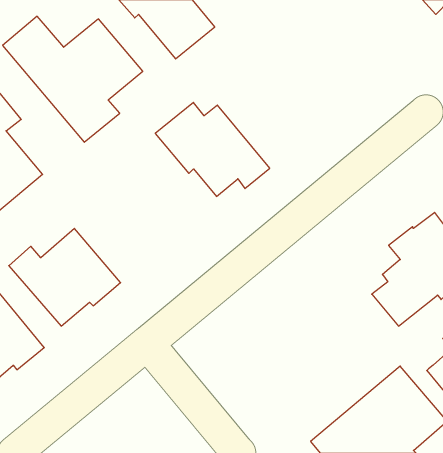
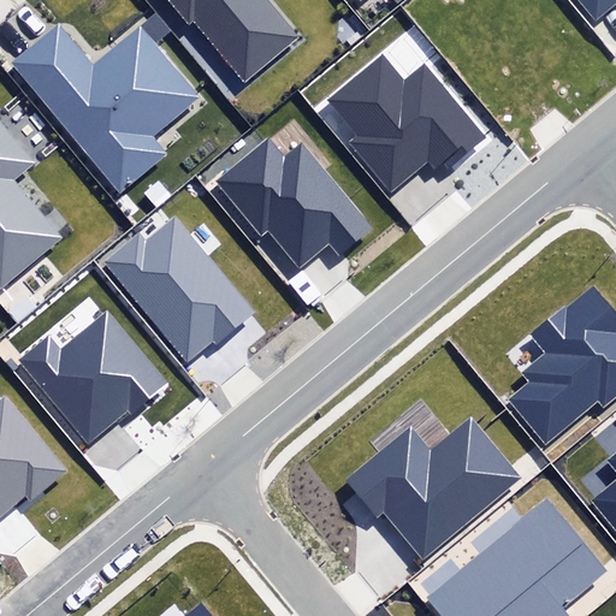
building: none -> [327,54,486,192]
building: none -> [102,214,254,360]
building: none -> [343,414,521,556]

